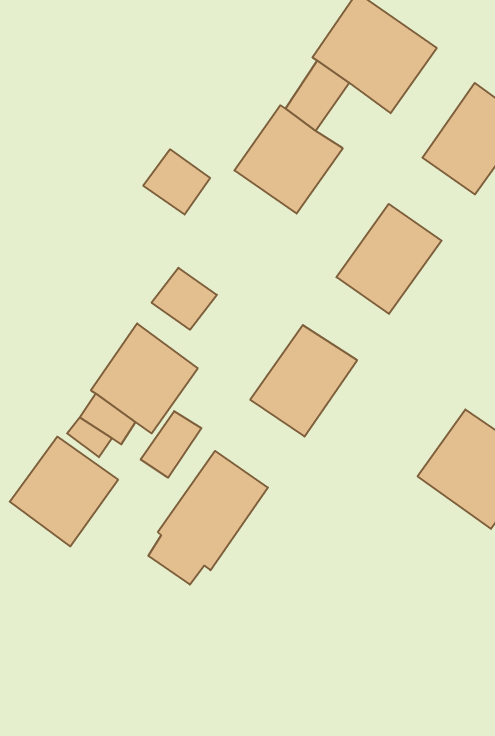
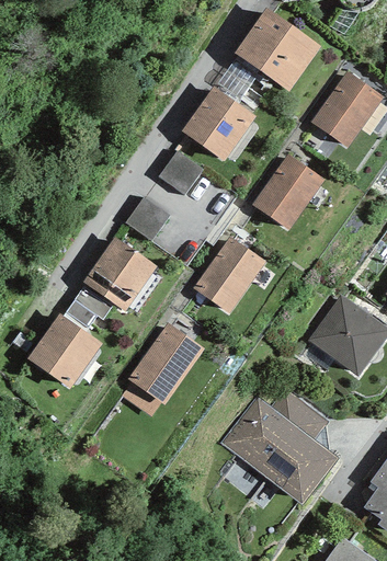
building: [143,149,210,215] -> [157,150,203,195]
building: [141,411,201,478] -> none
building: none -> [219,389,337,504]

